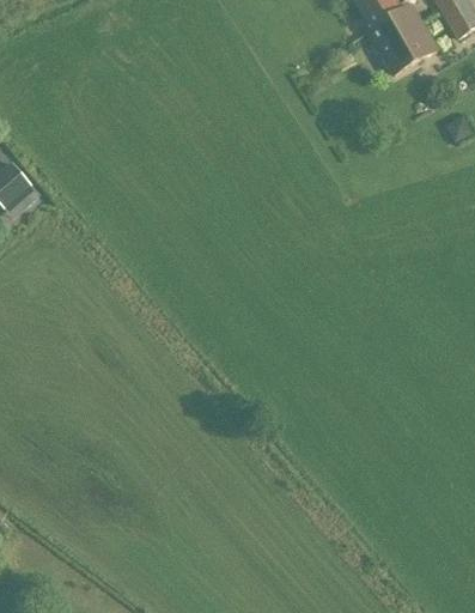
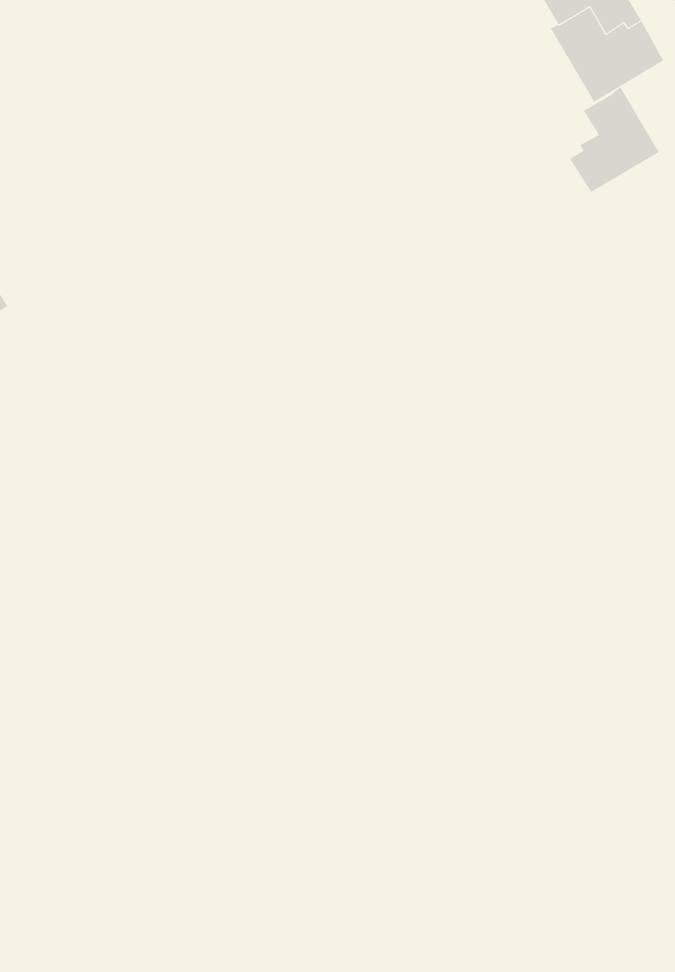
building: none -> [569,87,660,193]

